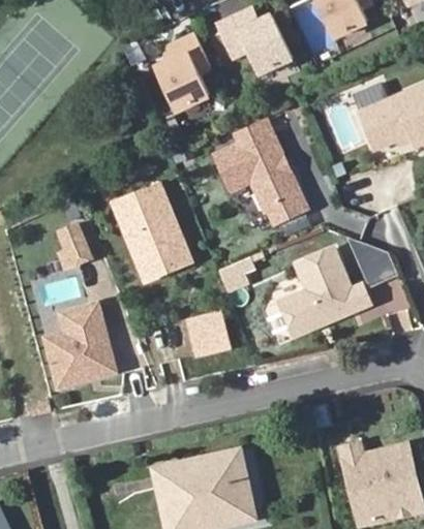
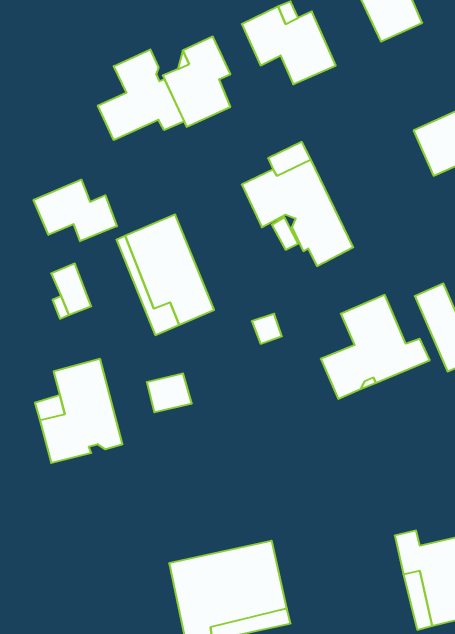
building: none -> [98,49,184,140]
building: none -> [34,180,117,241]
building: [190,321,228,353] -> [147,373,192,412]

